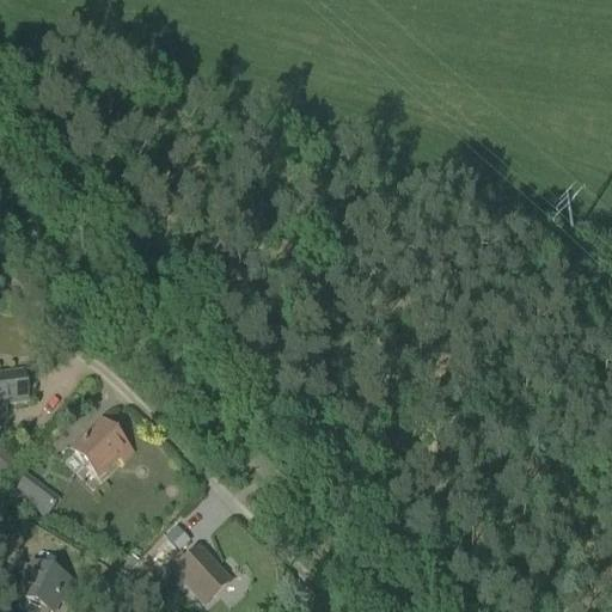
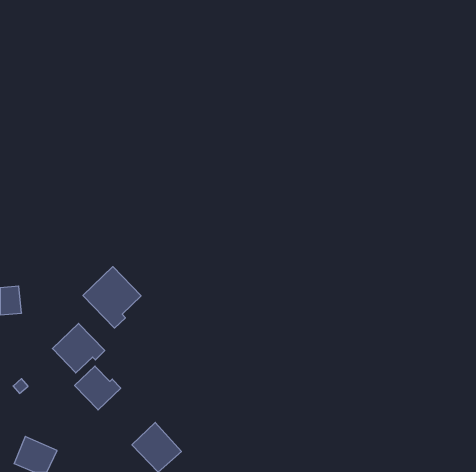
building: none -> [83,267,141,328]
building: none -> [75,366,121,410]

